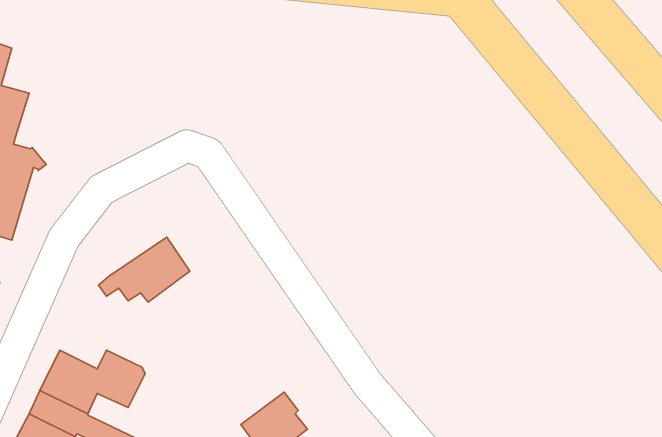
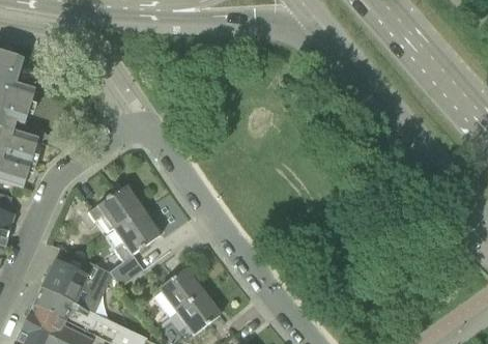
building: none -> [107,208,160,286]
building: none -> [157,268,204,311]

